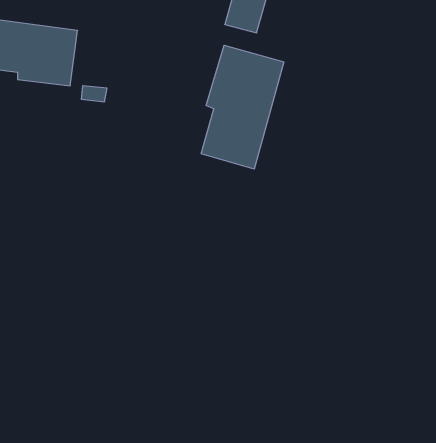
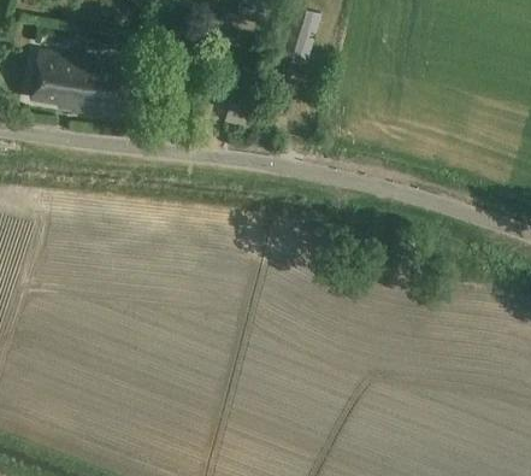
building: [201,45,284,169] -> none

